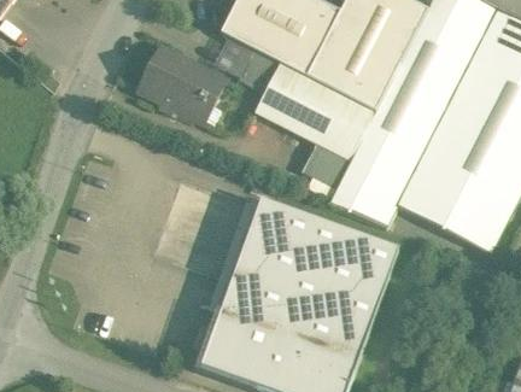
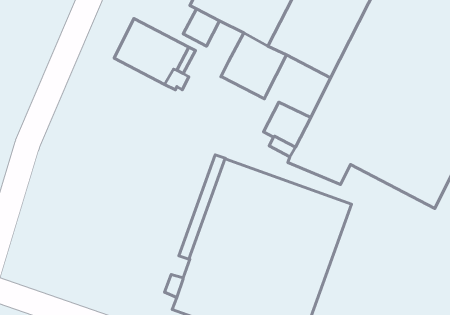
building: [239,46,281,90] -> none
building: [305,83,376,152] -> none

